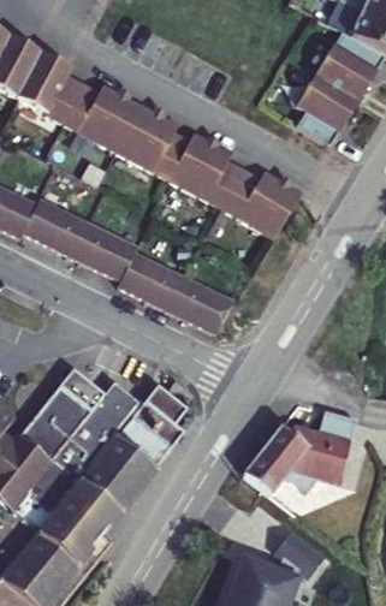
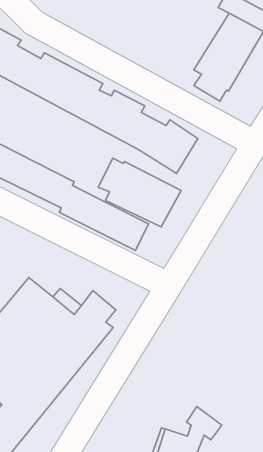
building: none -> [98,158,181,227]
building: [248,416,358,499] -> none

